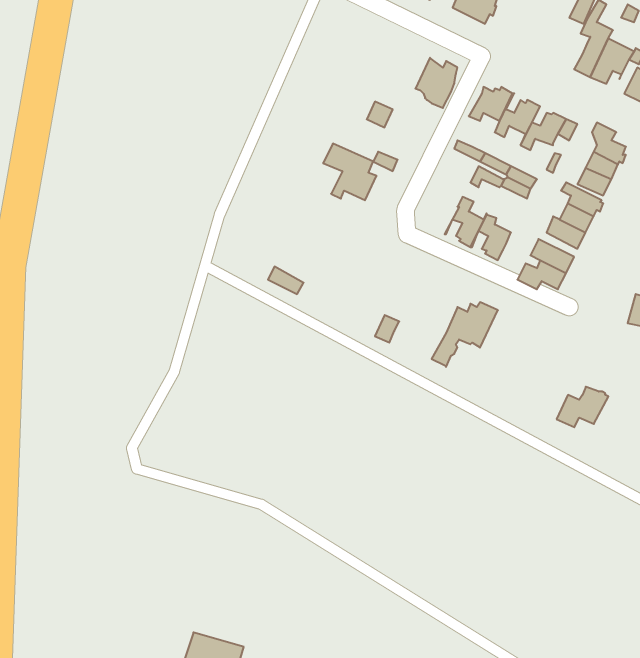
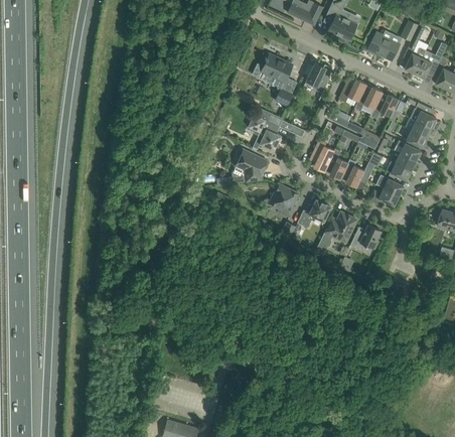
building: none -> [366,31,400,60]
building: none -> [252,52,292,83]
building: none -> [309,138,333,171]
building: none -> [228,148,267,183]
building: none -> [269,183,298,217]
building: none -> [297,199,330,228]
building: [557,387,608,427] -> [349,225,382,250]

